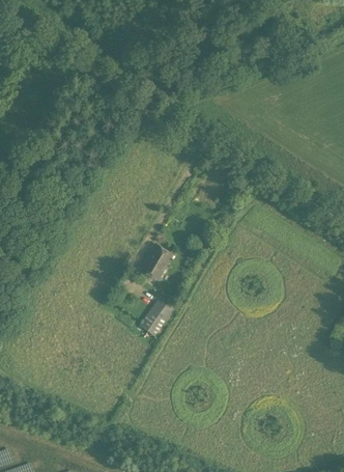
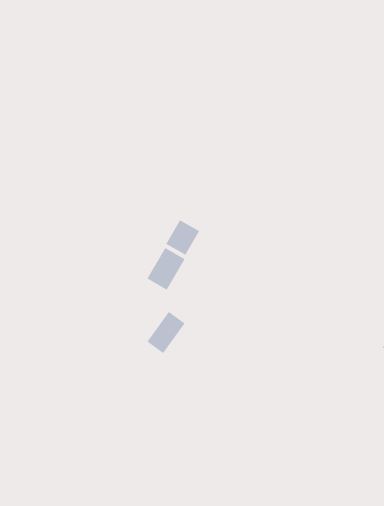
building: none -> [166,220,200,256]

